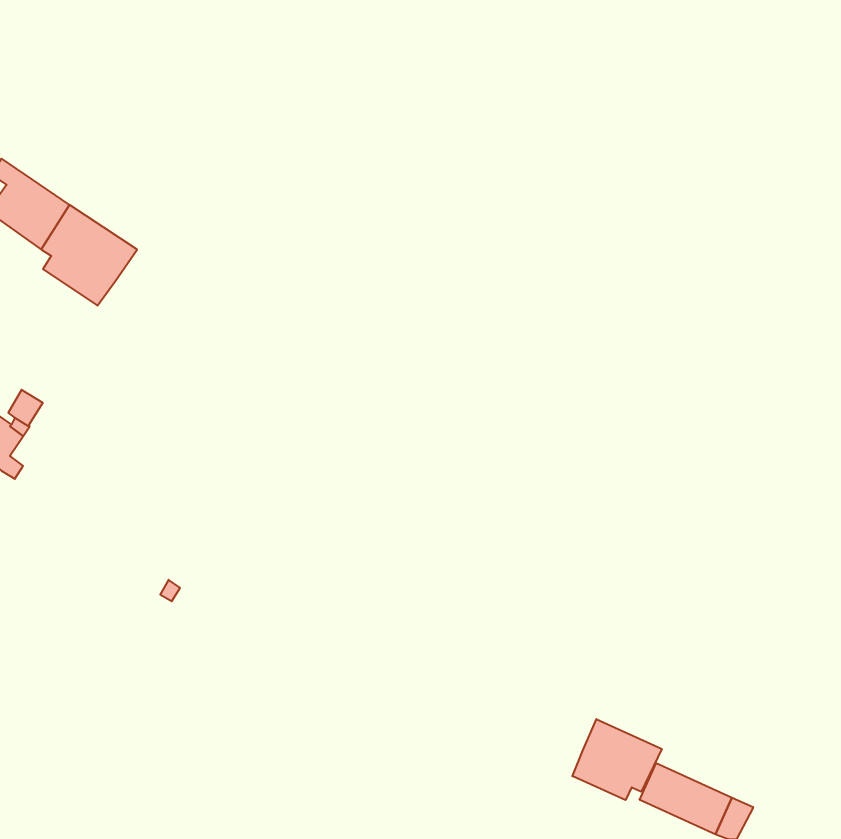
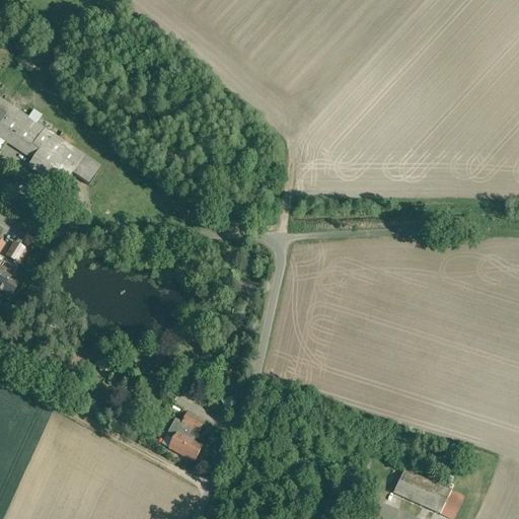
building: none -> [71,153,99,182]
building: none -> [165,411,203,460]
building: [572,719,662,800] -> none

